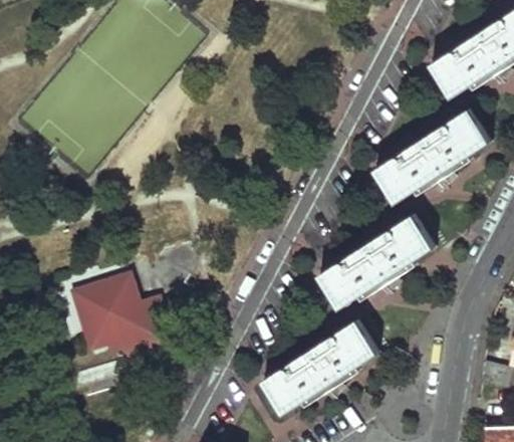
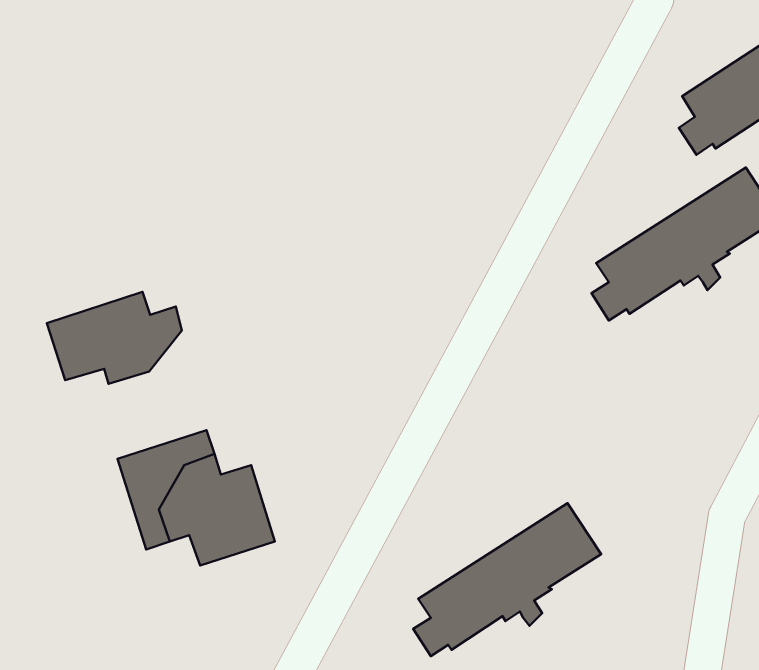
building: none -> [47,292,182,384]
building: [319,214,437,311] -> none

